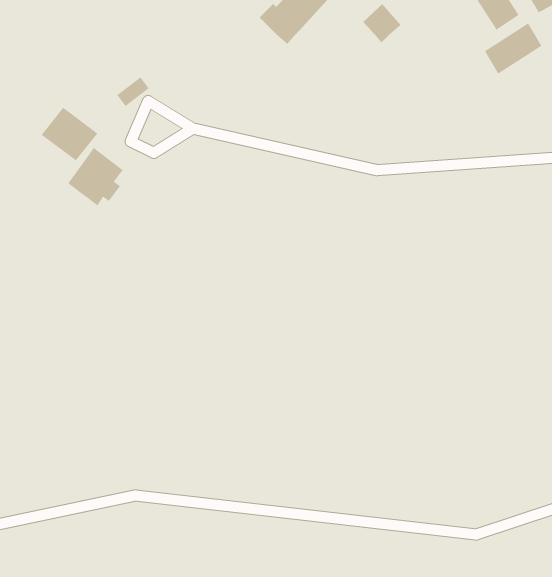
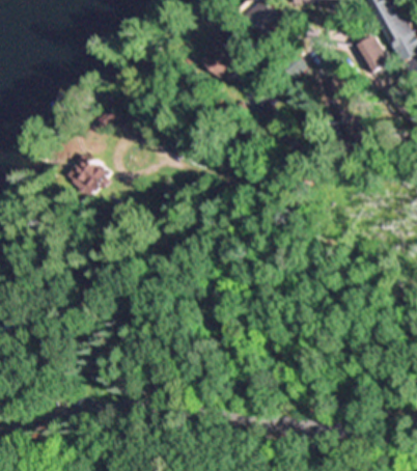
building: [484,23,542,74] -> none
building: [41,107,98,161] -> none

